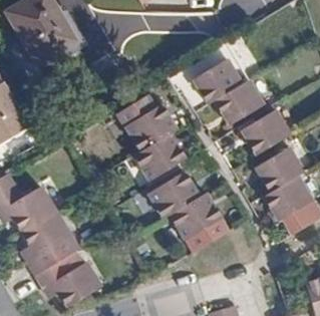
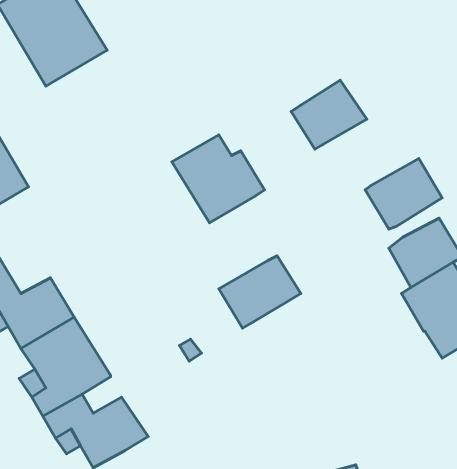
building: [214,79,263,122] -> none
building: [134,132,186,179] -> none
building: [170,193,222,239] -> none

